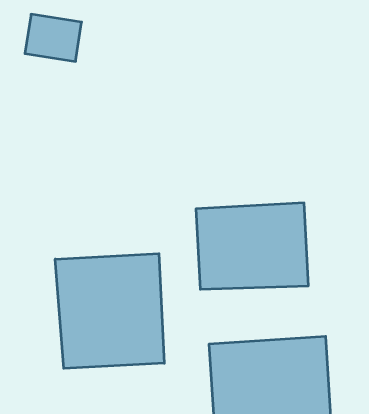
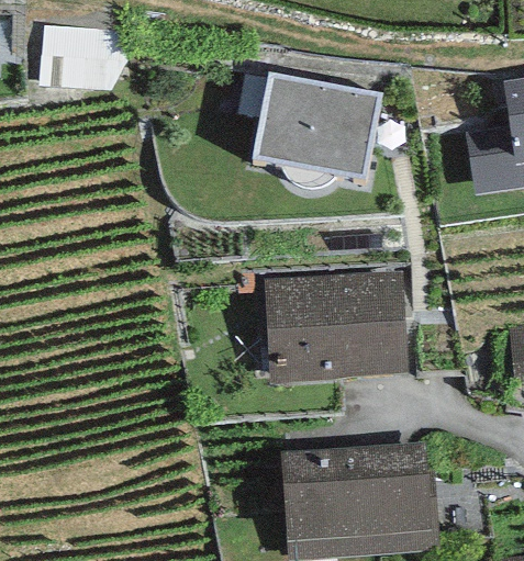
building: none -> [253,74,378,187]
building: [55,254,164,368] -> none

